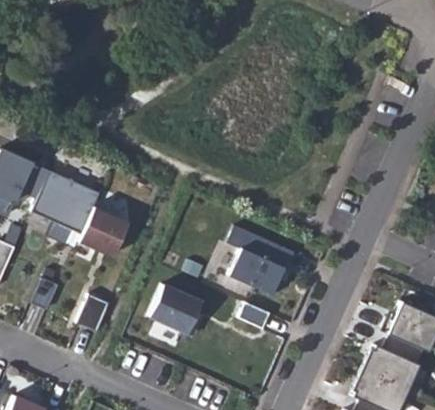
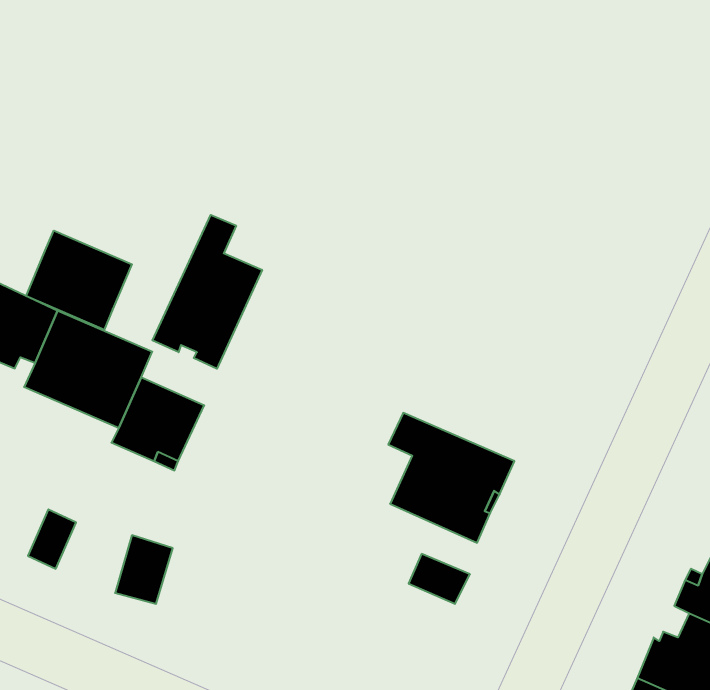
building: none -> [152,215,262,369]
building: none -> [26,231,132,330]
building: [149,284,202,336] -> none

